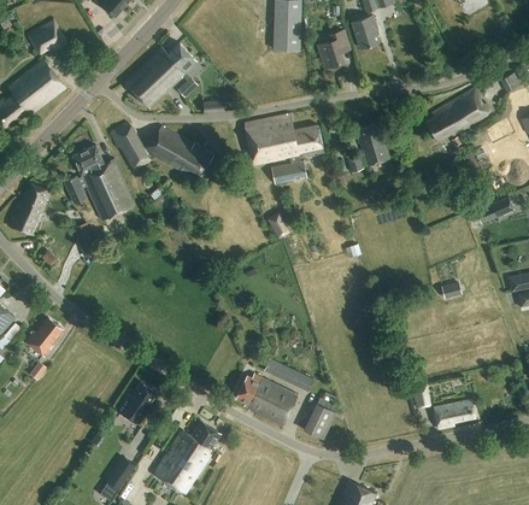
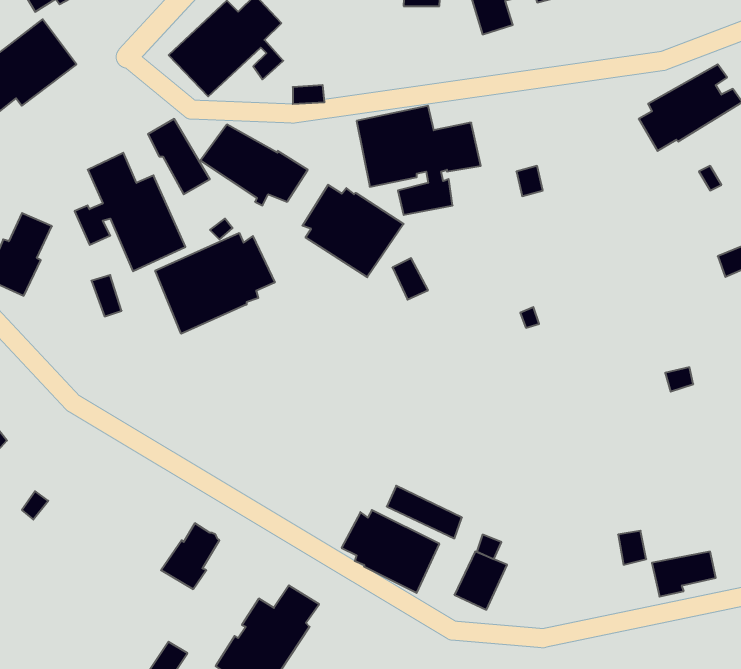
building: [354,124,389,165] -> none
building: none -> [302,185,404,277]
building: none -> [155,233,275,334]
building: [25,318,63,357] -> none

